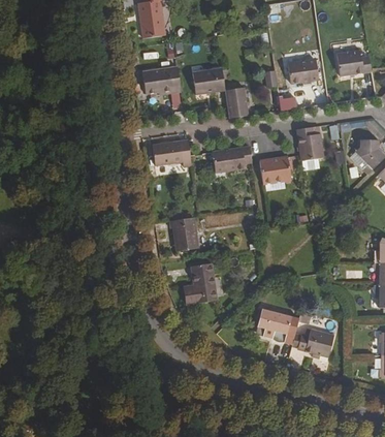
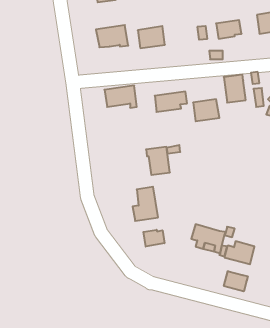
building: [225,87,248,118] -> none
building: [169,217,198,251] -> [146,147,170,175]
building: none -> [143,230,164,247]
building: none -> [224,271,248,291]

